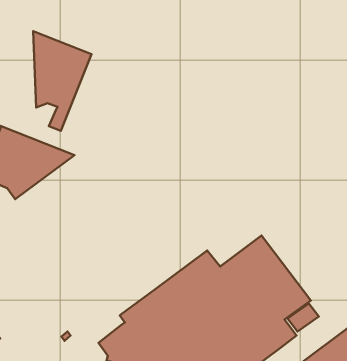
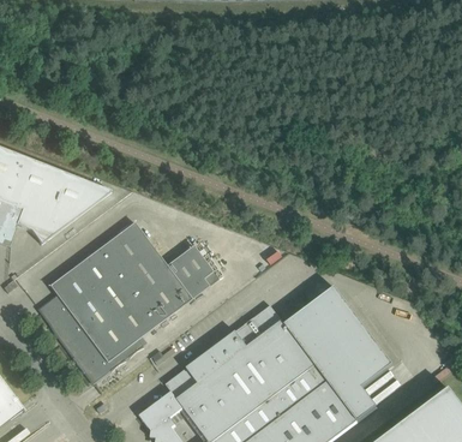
building: [33,31,92,131] -> none
building: none -> [37,220,217,382]

